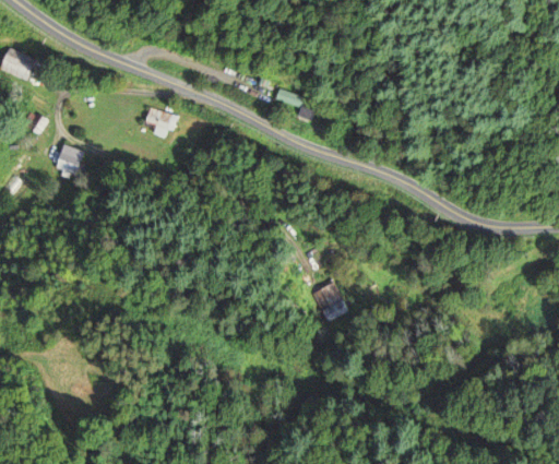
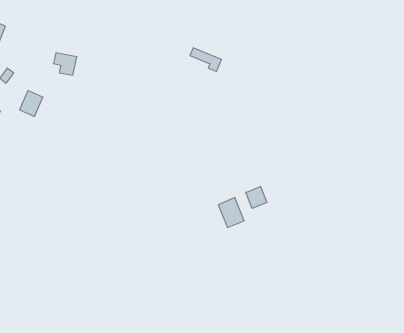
building: [145,108,176,138] -> [53,53,77,75]
building: none -> [246,186,267,208]

